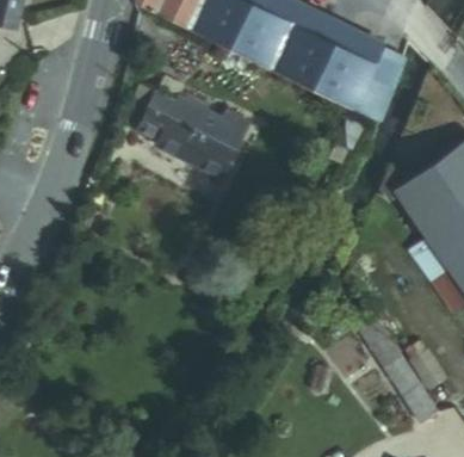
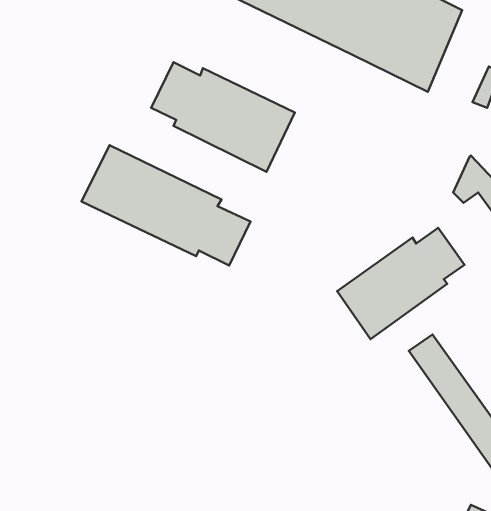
building: none -> [82,145,250,266]
building: none -> [337,228,464,339]

